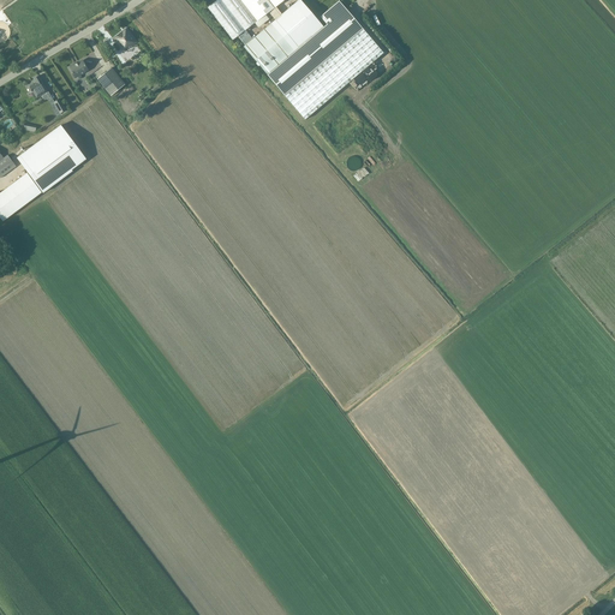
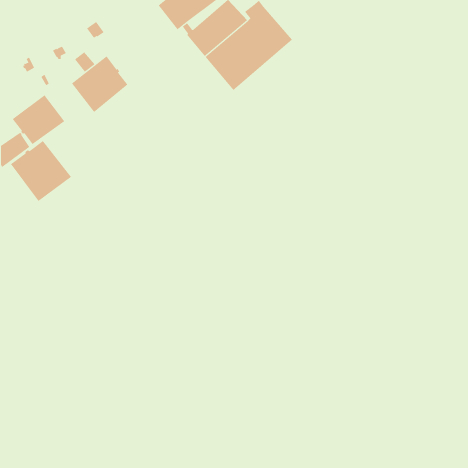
building: none -> [71,56,128,113]
building: none -> [10,140,72,202]

